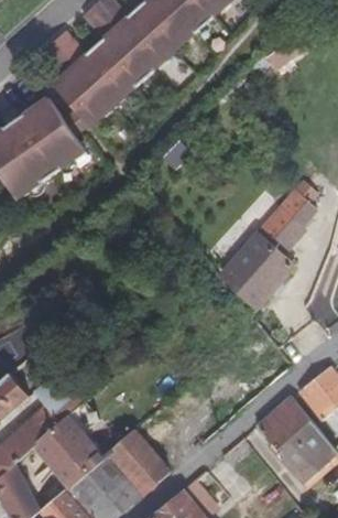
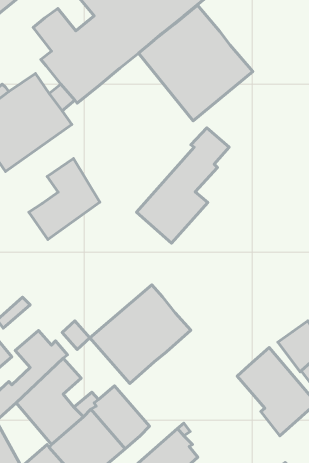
building: none -> [138,5,253,121]
building: [220,184,316,303] -> [136,128,229,243]
building: none -> [29,158,100,239]
building: none -> [90,285,191,383]

